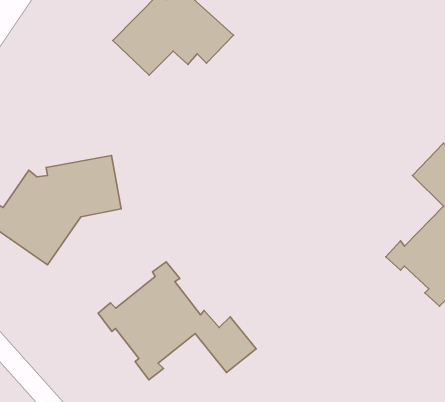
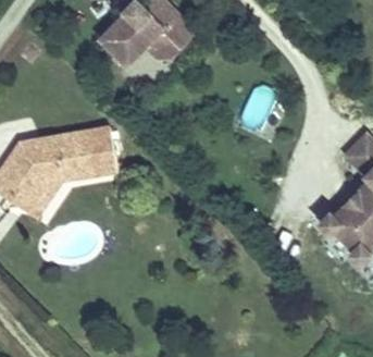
building: [98,262,256,380] -> none

